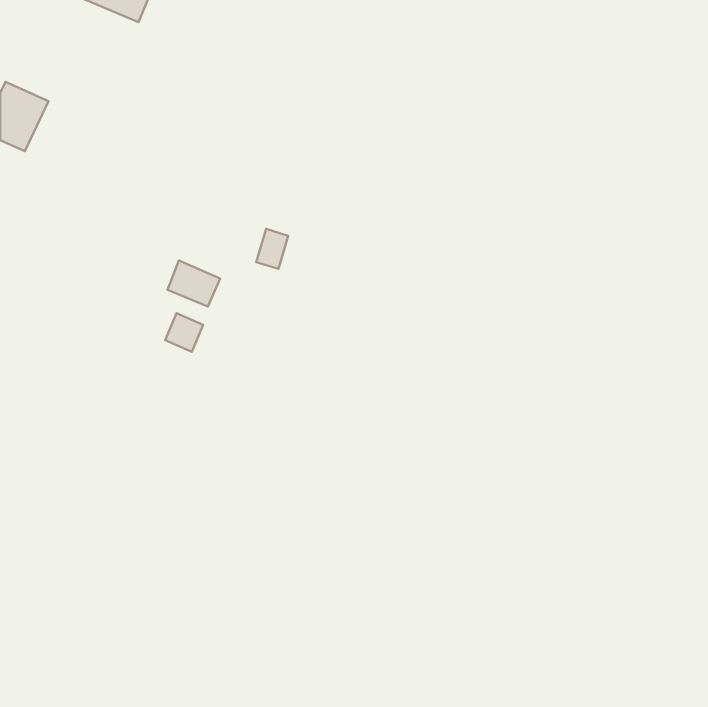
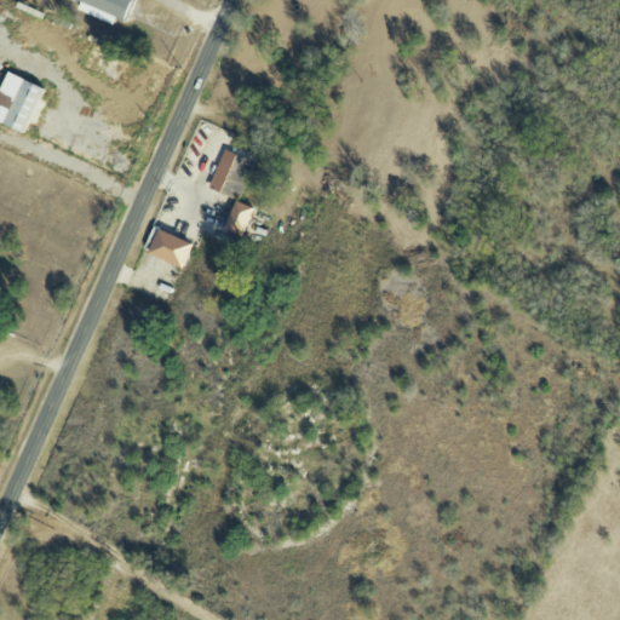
building: none -> [207,148,252,199]
building: [165,313,203,352] -> none

